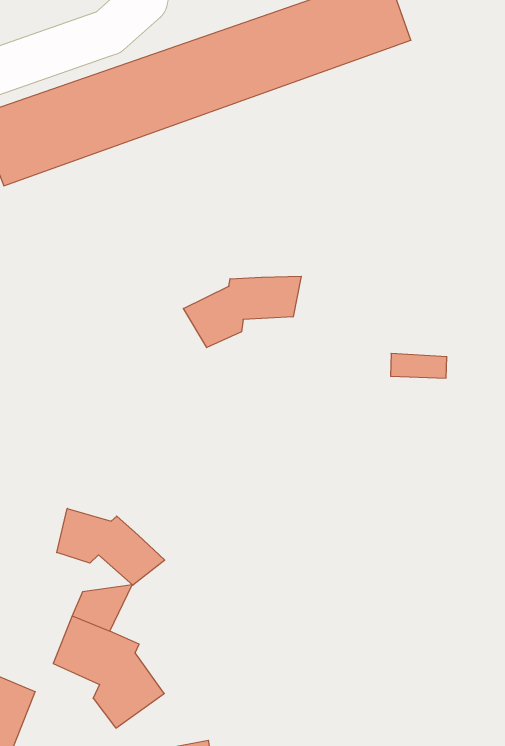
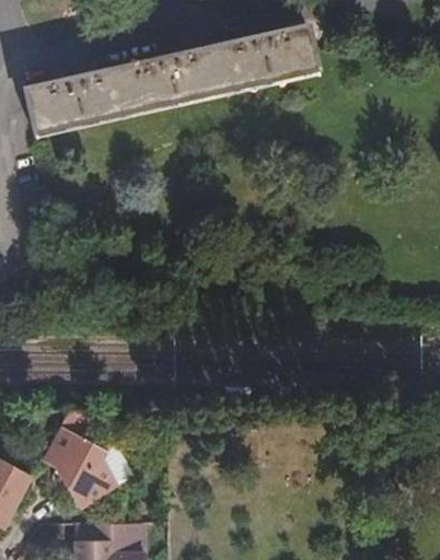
building: [183,276,301,348] -> none
building: [57,508,165,585] -> none

